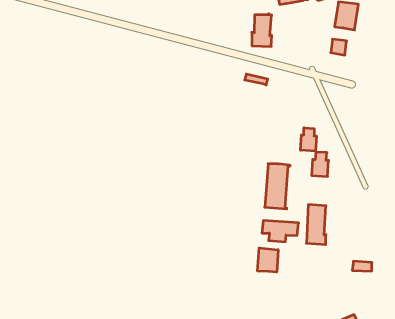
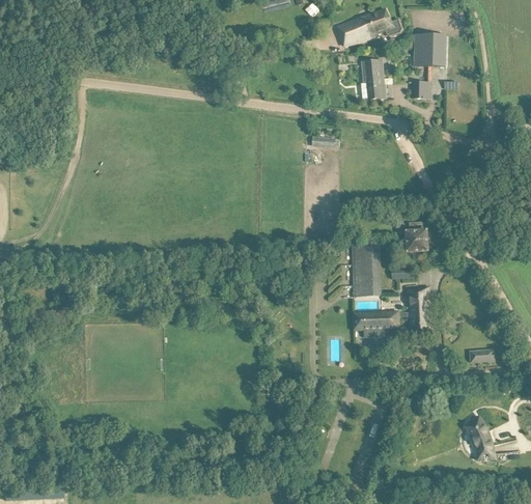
building: [252,14,272,46] -> [360,58,386,100]
building: [301,128,316,151] -> none
building: [258,248,278,272] -> none

